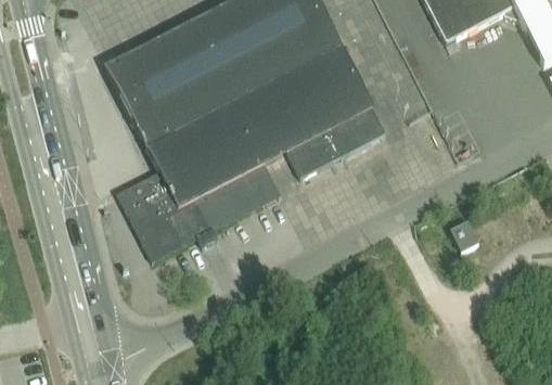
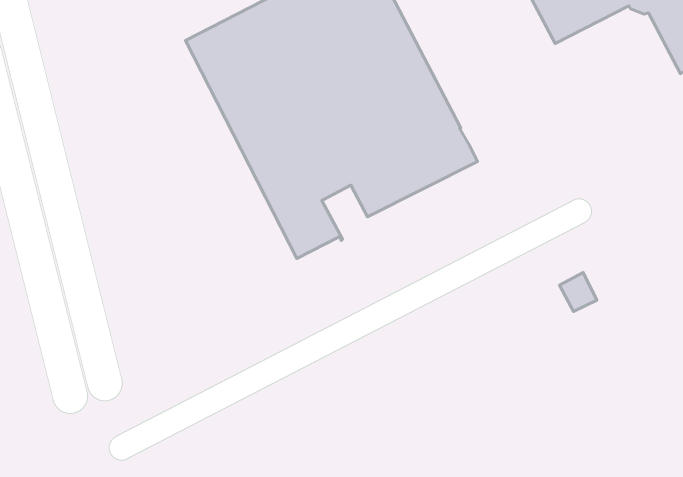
building: [106,38,246,259] -> none

